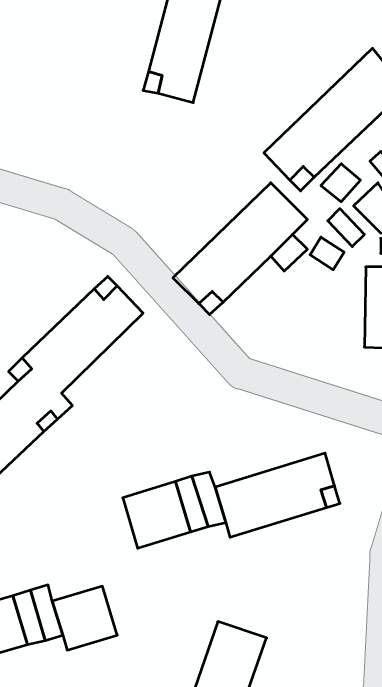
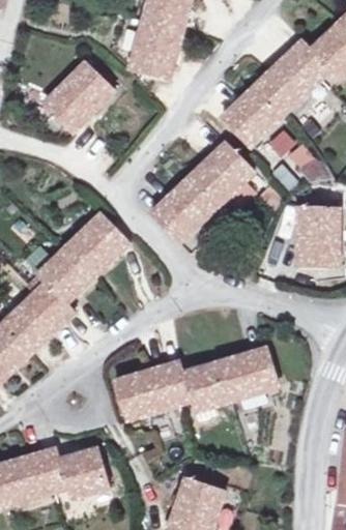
building: none -> [42,61,114,132]

